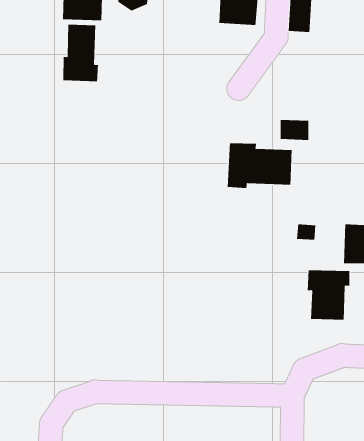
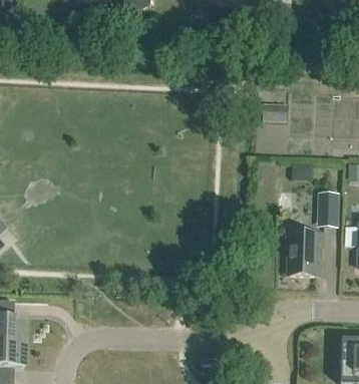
building: [63,24,98,82] -> none
building: [227,143,292,189] -> none

